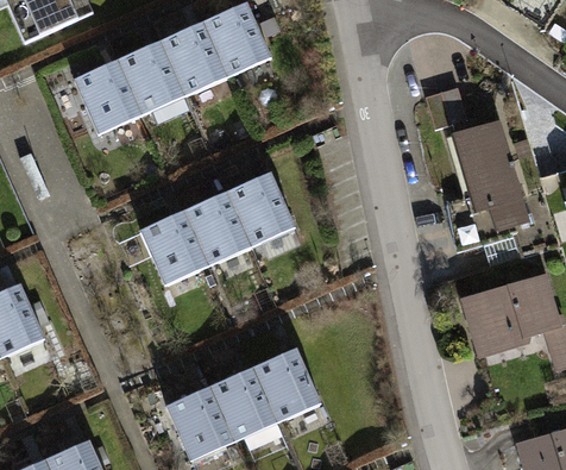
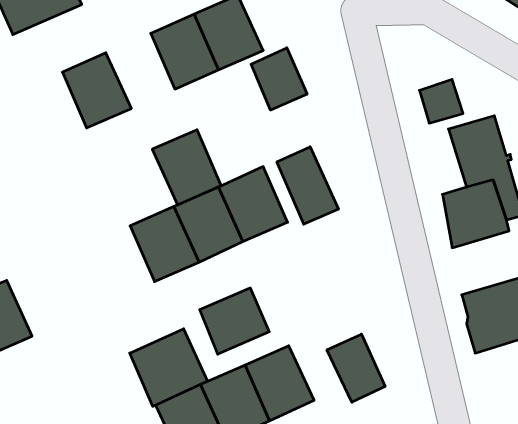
building: [117,40,184,114] -> [152,130,221,205]
building: none -> [251,48,307,110]
building: none -> [277,147,338,224]
building: none -> [200,288,269,354]
building: none -> [130,329,208,406]
building: none -> [327,334,385,402]

